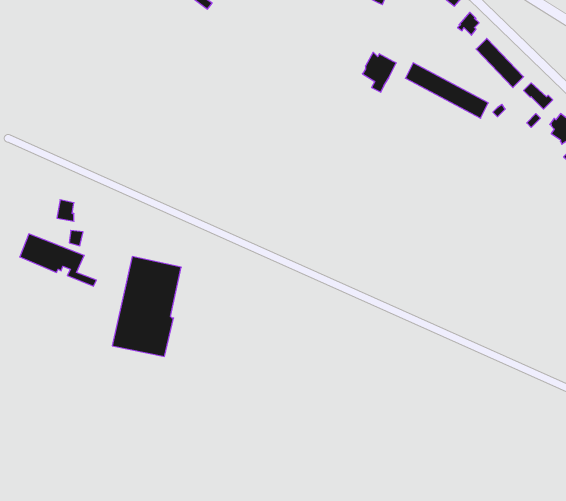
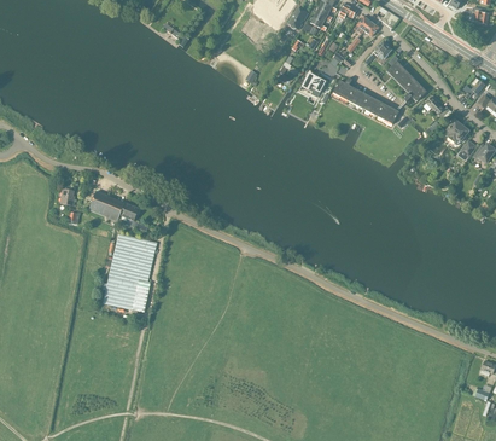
building: [20,234,96,286] -> [88,190,148,231]

